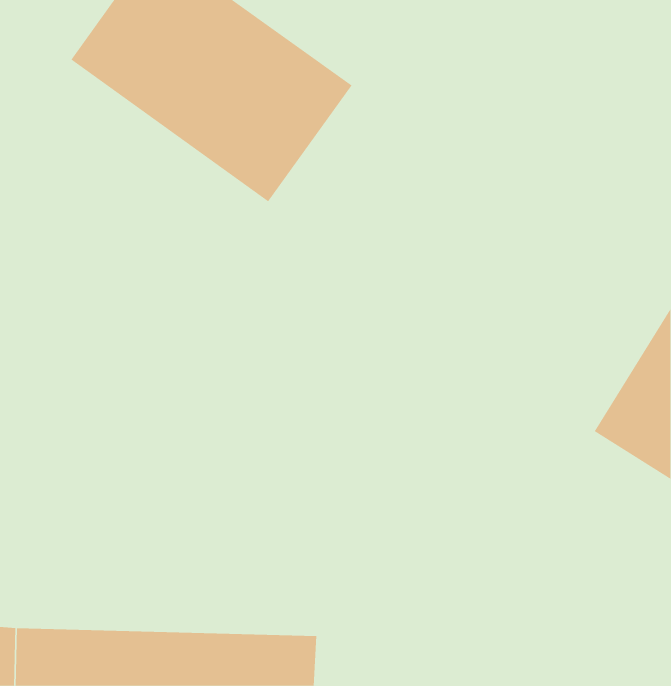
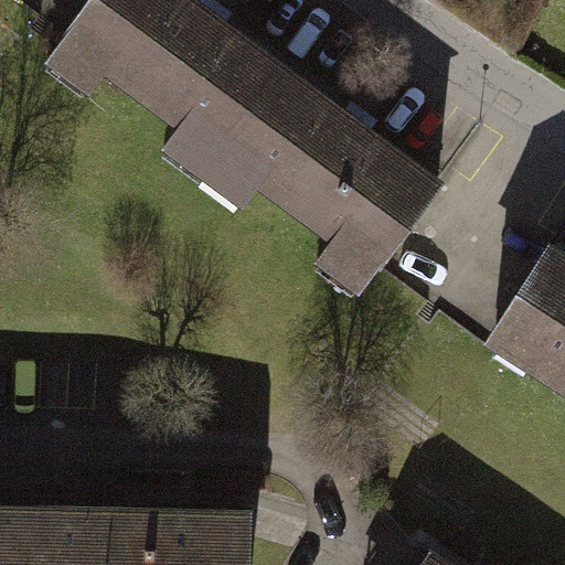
building: none -> [218,70,445,278]

